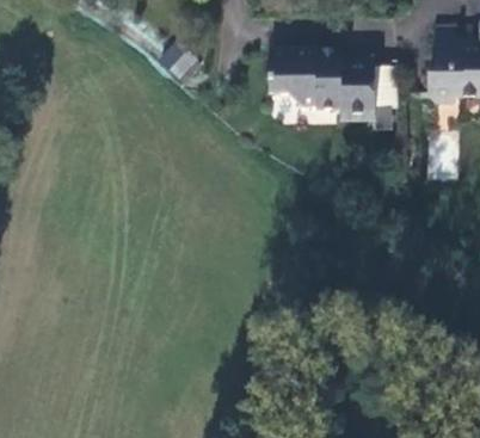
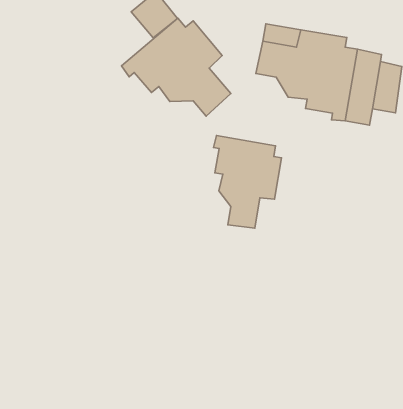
building: none -> [121,18,231,116]
building: none -> [213,136,282,228]

